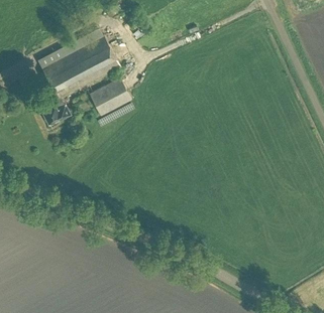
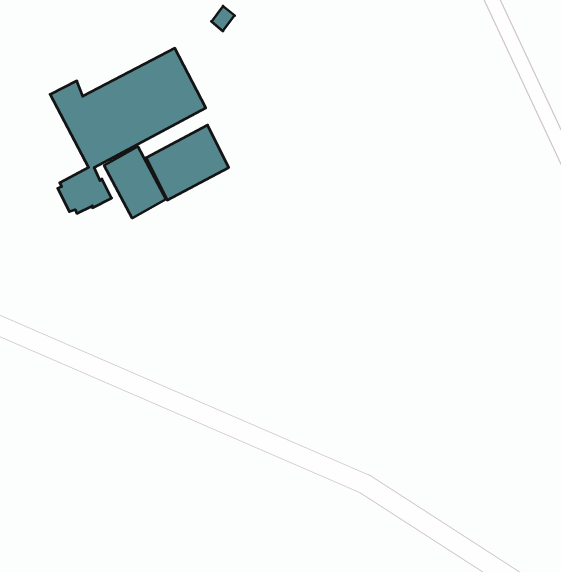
building: none -> [104,147,166,218]

